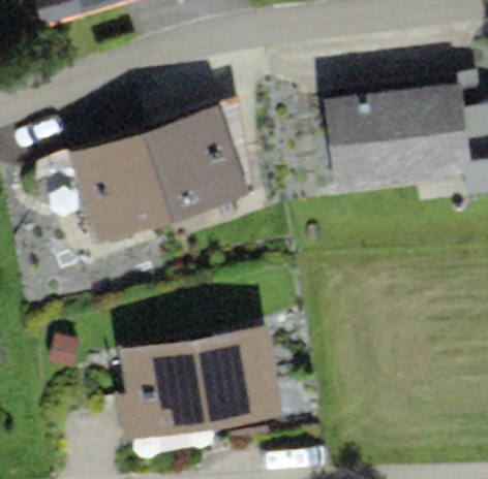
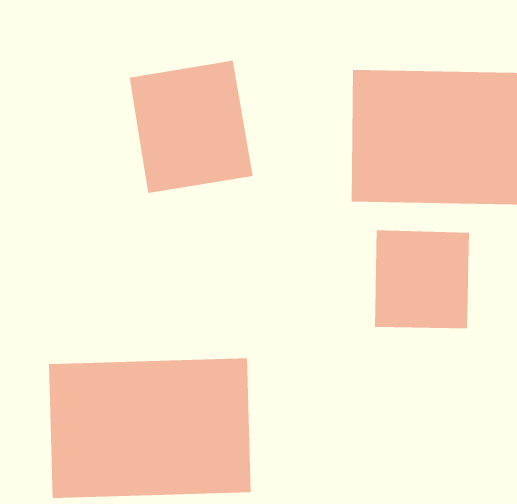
building: [69,128,173,236] -> none
building: none -> [374,229,470,329]

